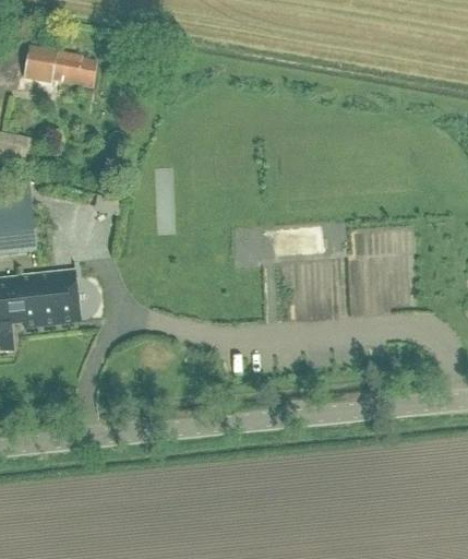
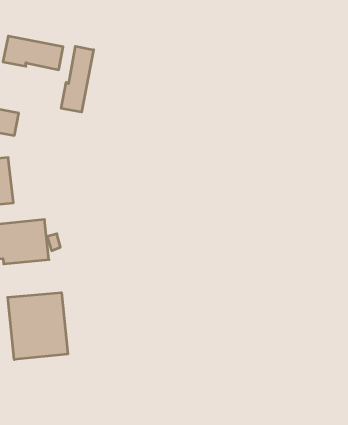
building: none -> [61,46,94,112]
building: none -> [8,293,68,360]

